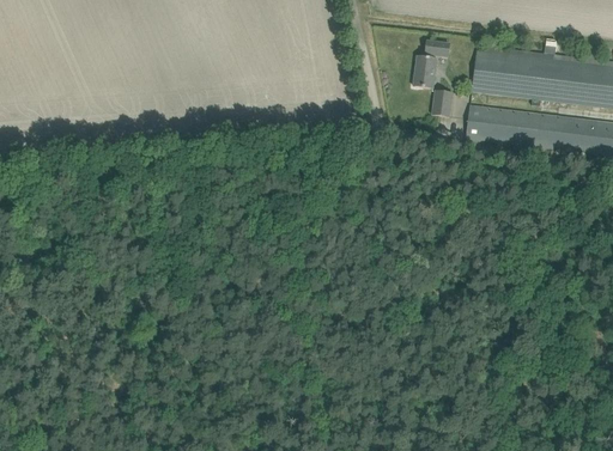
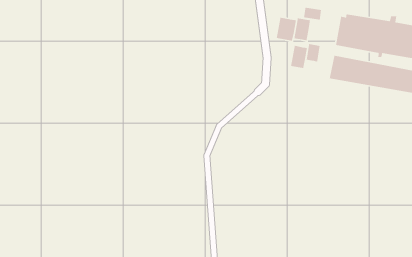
building: none -> [276,17,297,42]
building: none -> [290,45,308,69]

